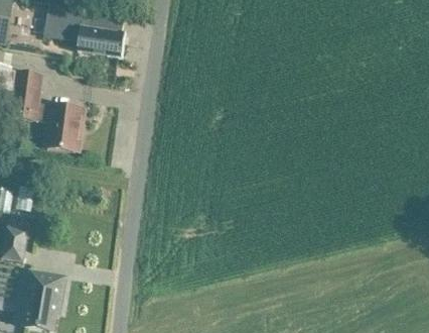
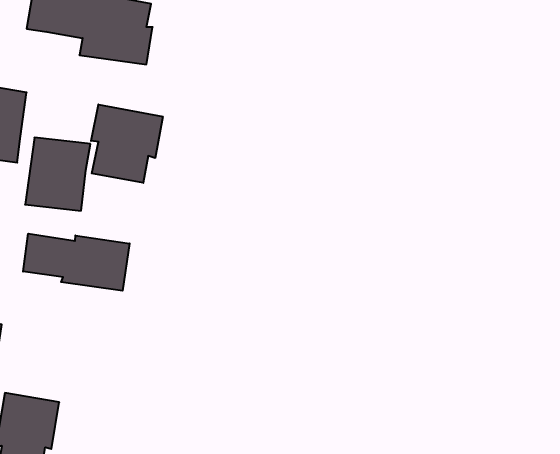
building: none -> [91,104,163,183]
building: none -> [23,234,130,291]

